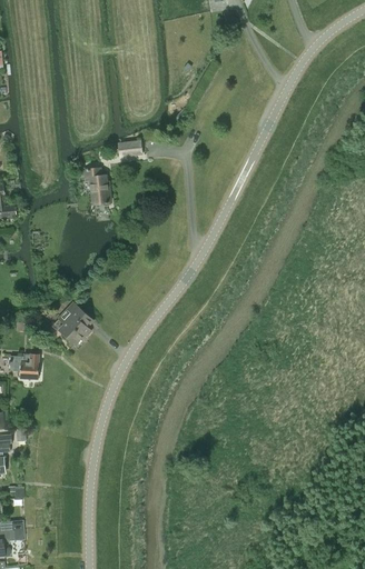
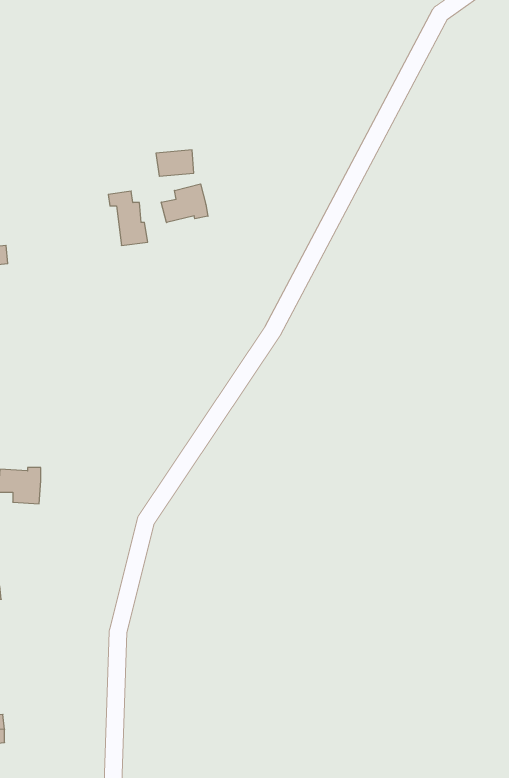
building: none -> [161,184,208,223]
building: [58,302,93,345] -> none

